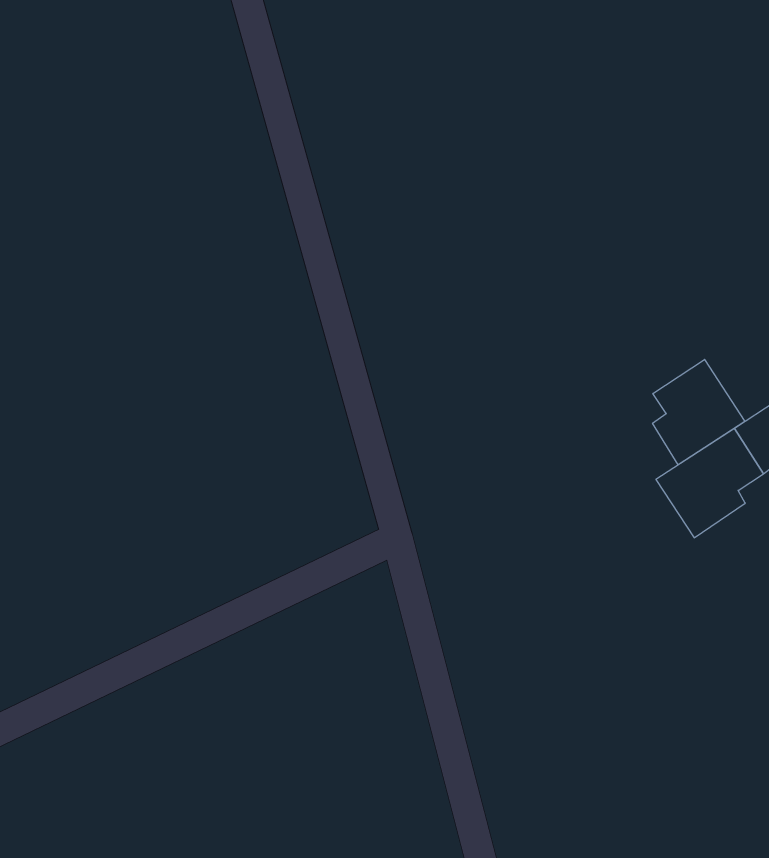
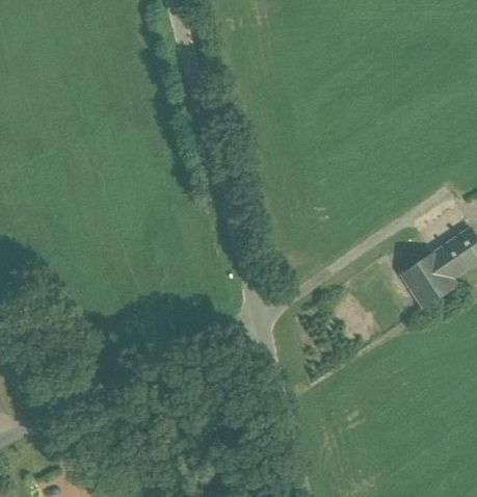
building: [653,359,745,465] -> none

